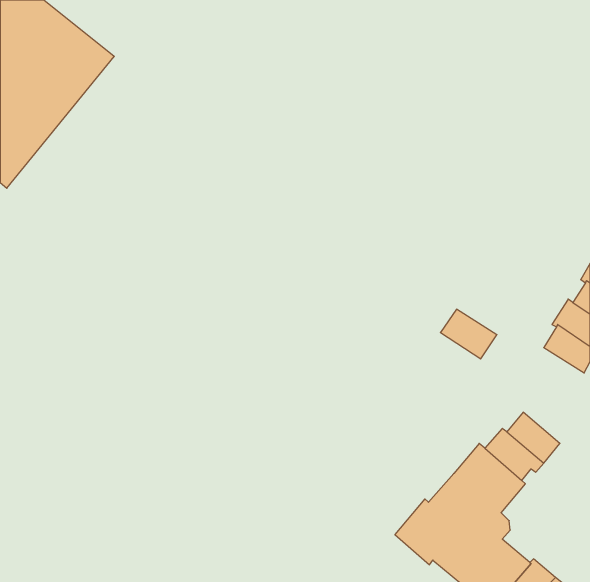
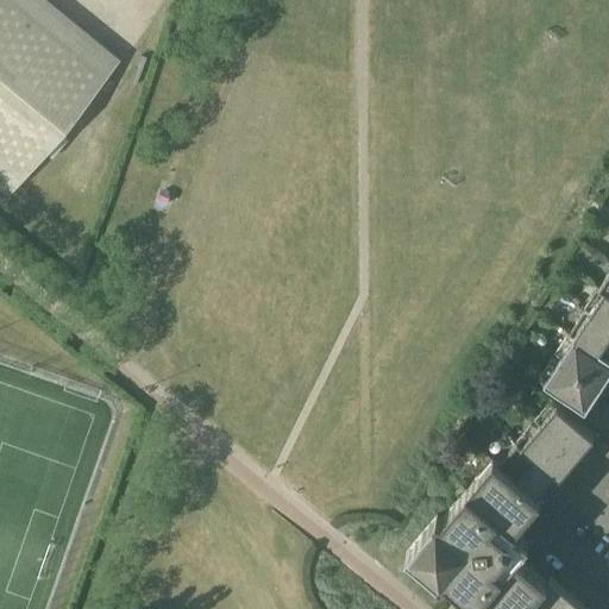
building: [440,309,497,359] -> [544,366,602,417]
building: none -> [539,412,595,465]

